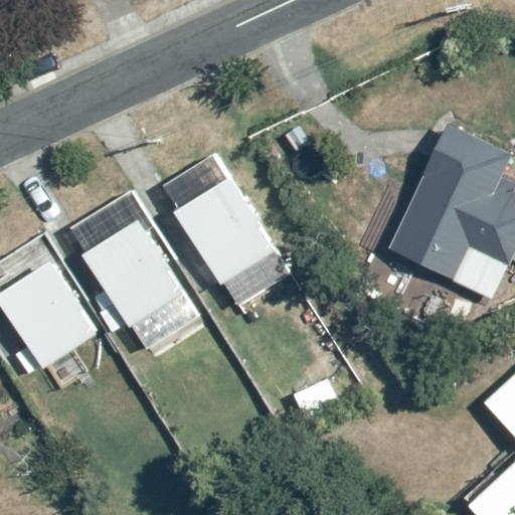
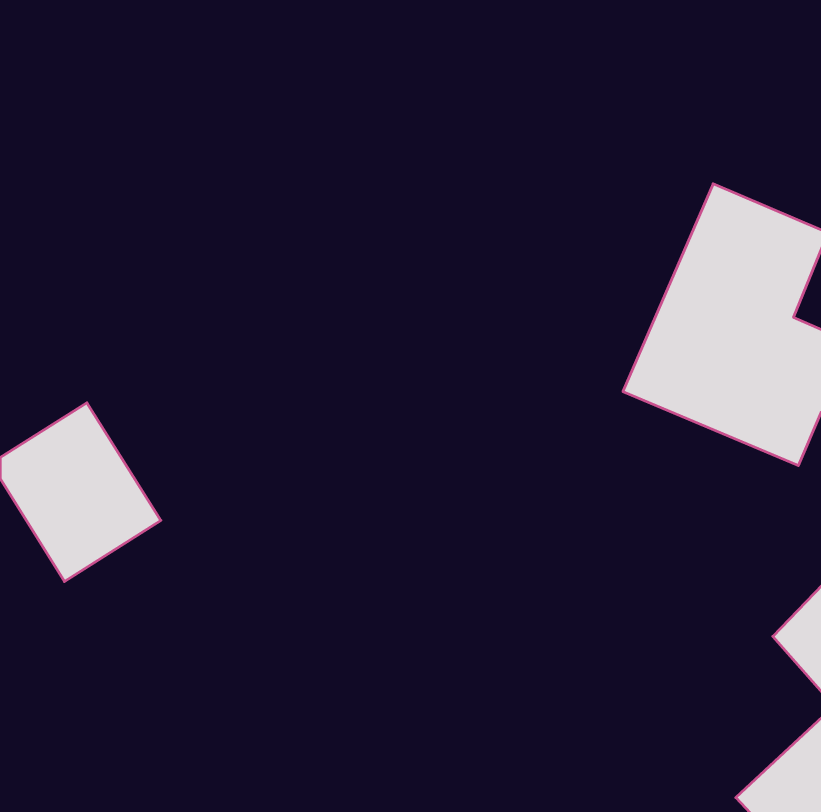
building: [173,173,286,292] -> none
building: [84,205,184,329] -> none

